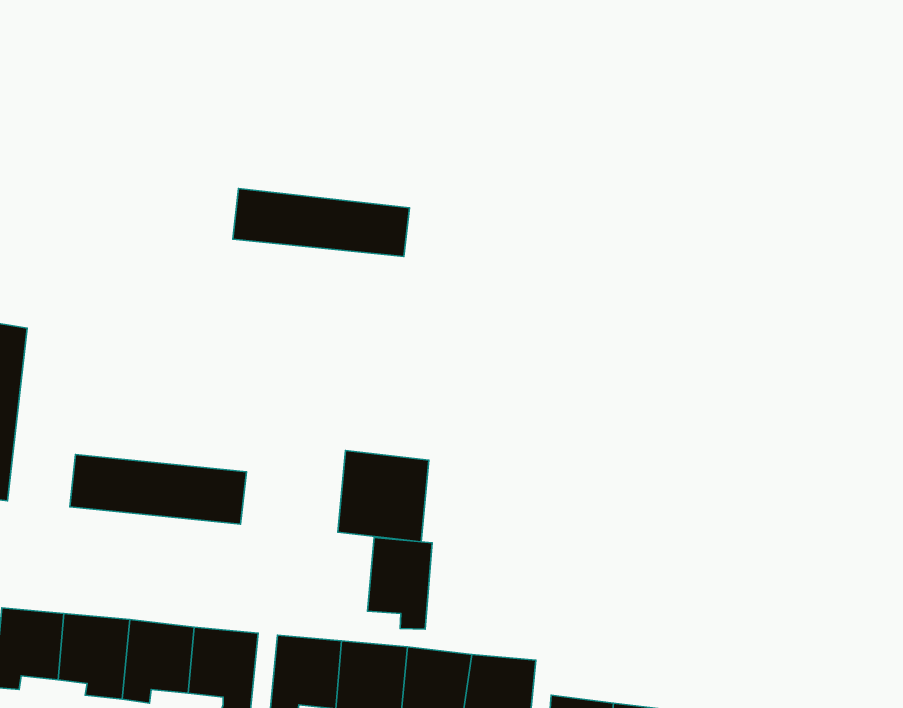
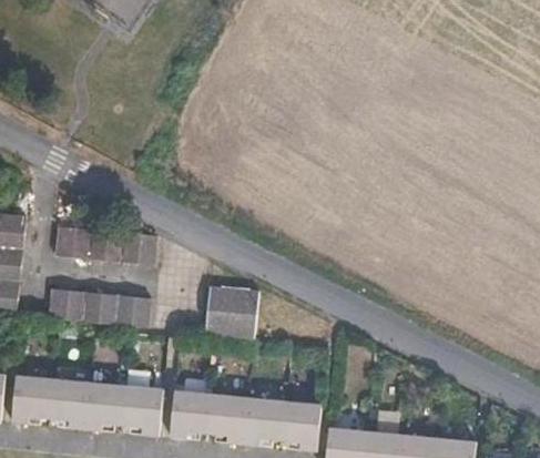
building: [233,189,409,257] -> [60,226,161,265]
building: [367,538,432,629] -> none

